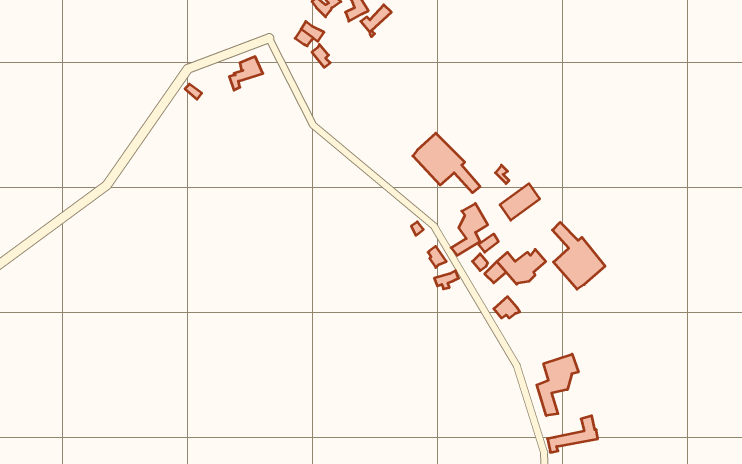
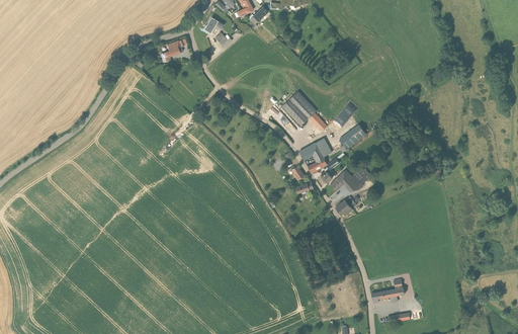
building: [552,222,605,289] -> none
building: [537,354,578,416] -> none

